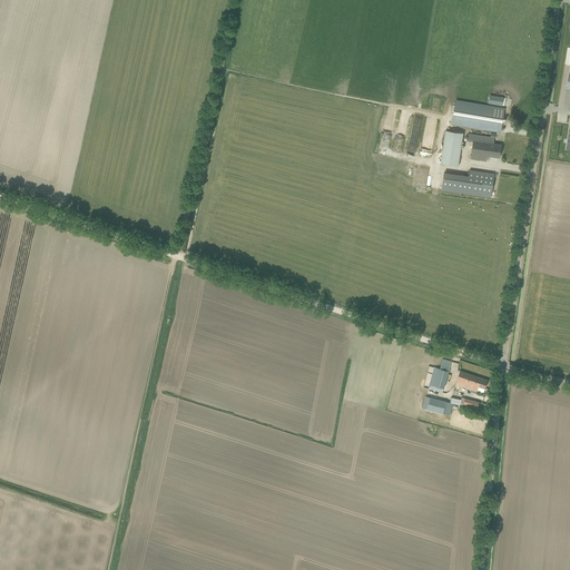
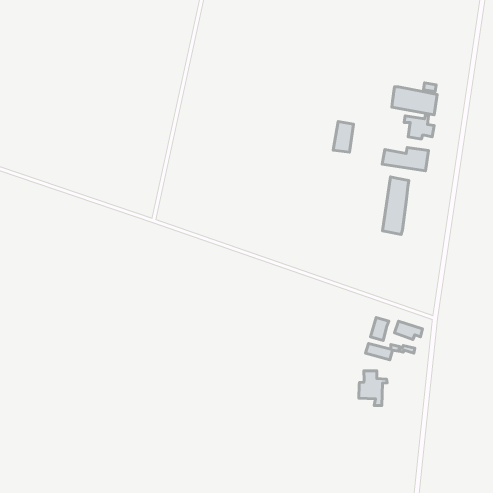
building: [440,130,463,166] -> [333,121,354,152]
building: none -> [383,177,409,235]
building: none -> [359,371,387,406]

